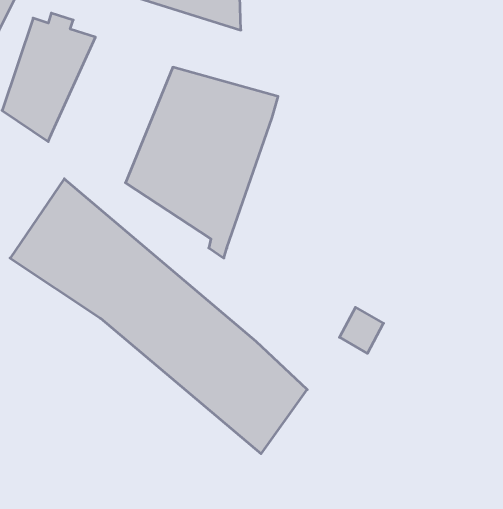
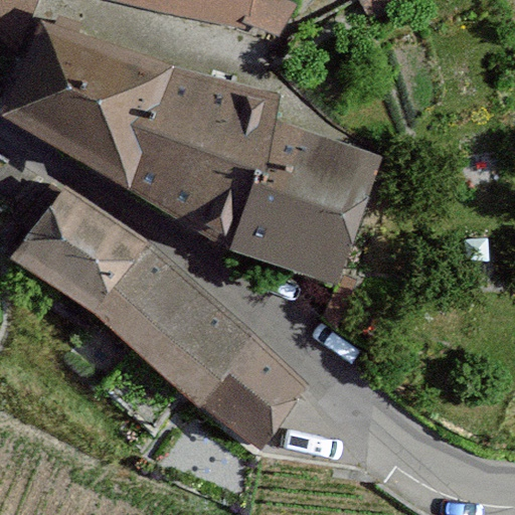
building: none -> [51,37,175,183]
building: none -> [227,118,378,287]

